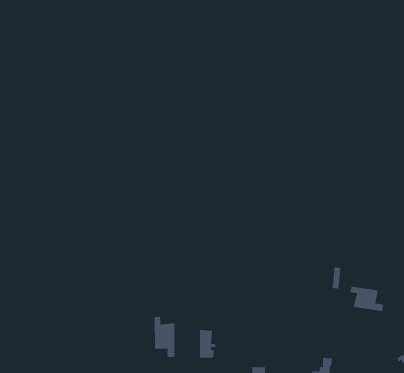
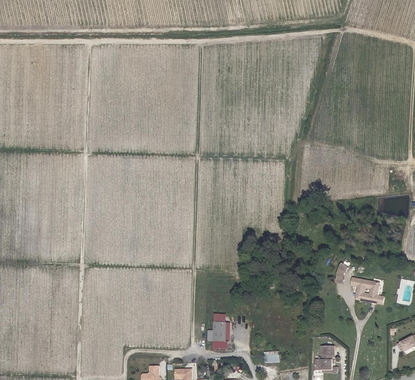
building: [154,316,175,358] -> none

